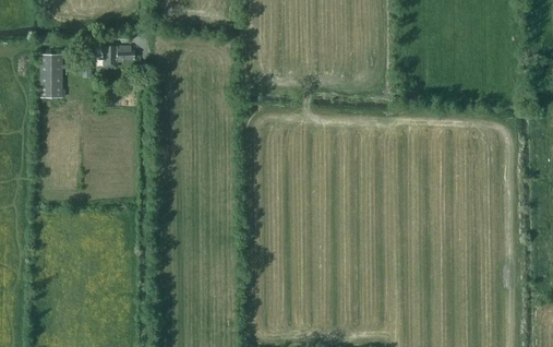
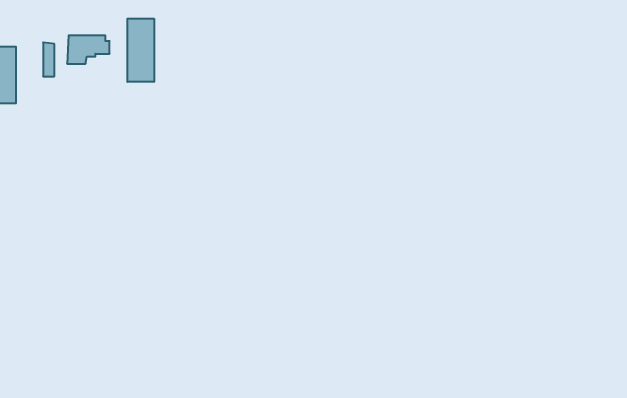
building: none -> [127,19,154,82]

